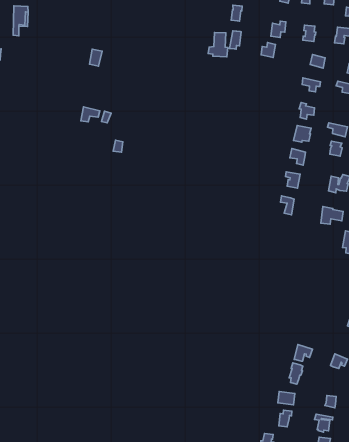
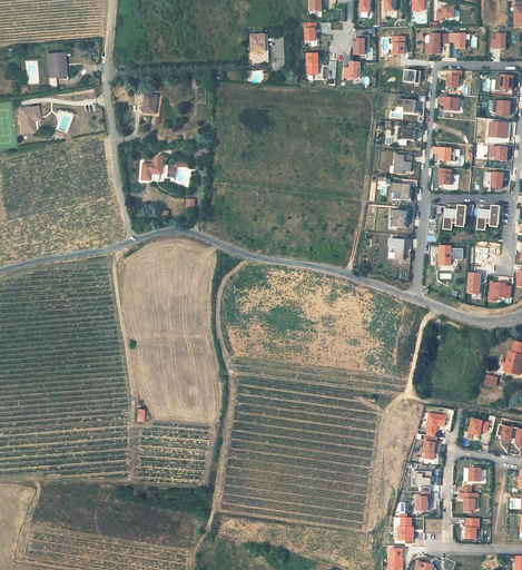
building: [208,33,228,57] -> [246,33,268,62]

